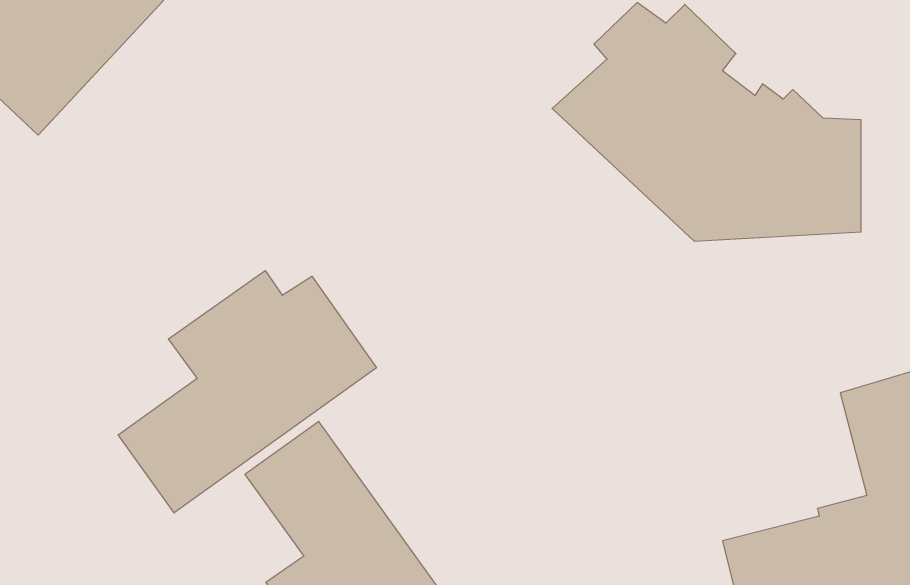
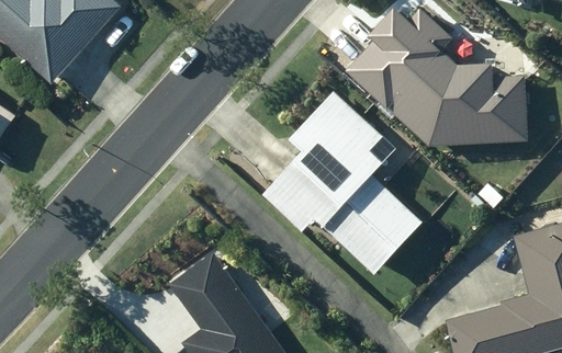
building: none -> [263,91,425,274]
building: [118,271,376,513] -> none

